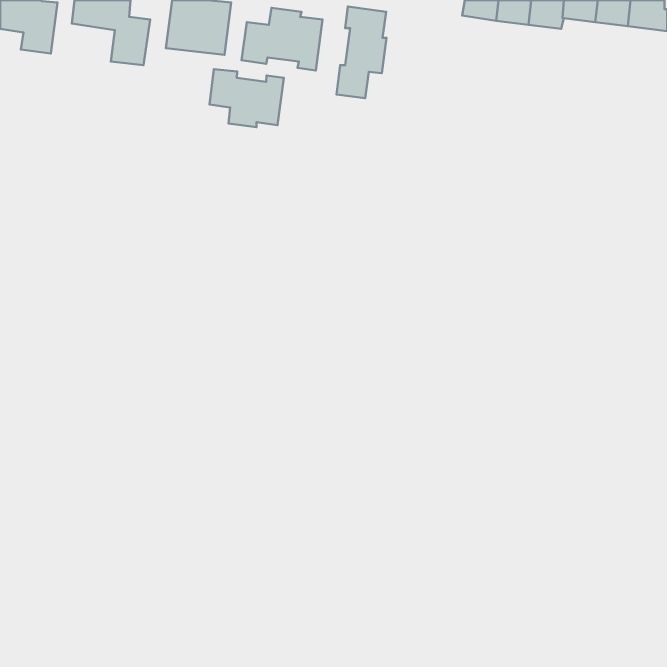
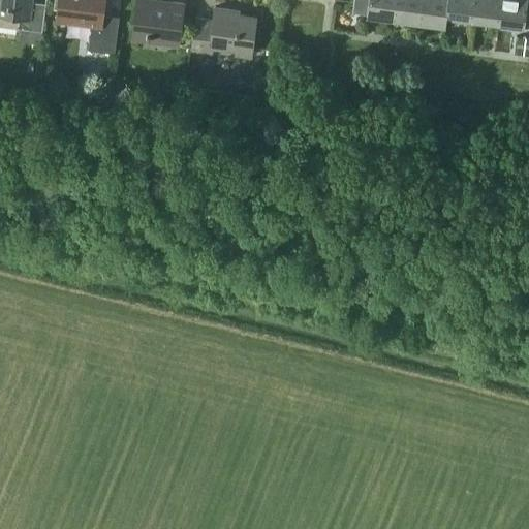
building: [337,7,386,98] -> none
building: [209,69,284,127] -> none

